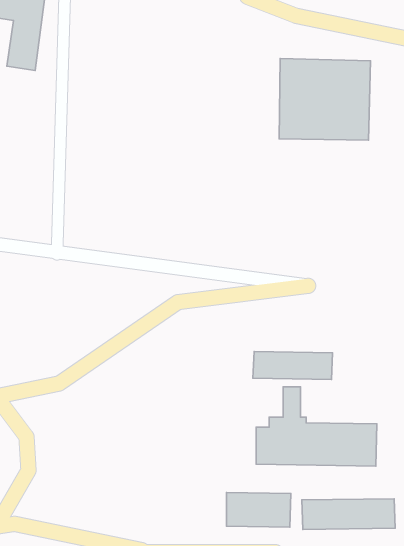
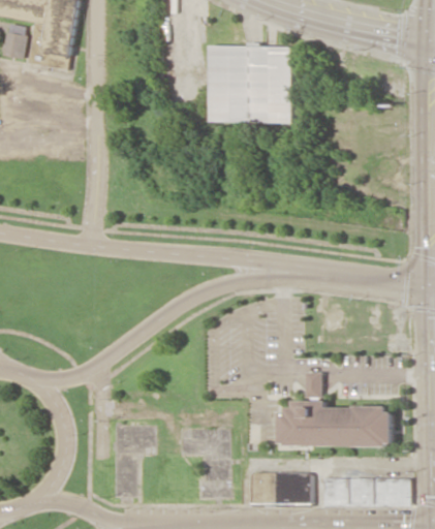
building: [279,59,371,140] -> [207,45,293,123]
building: [253,352,333,379] -> none

